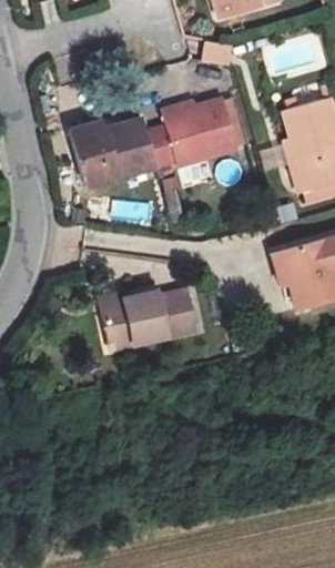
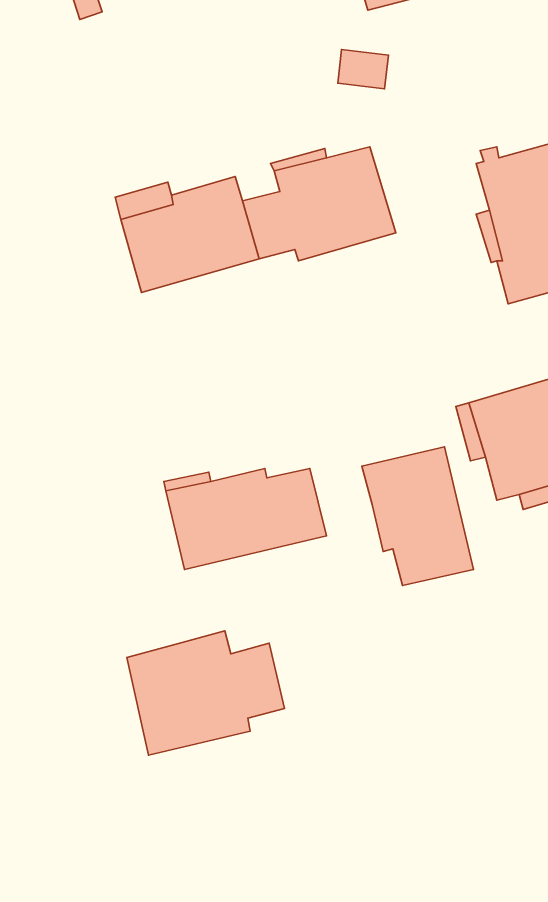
building: none -> [362,447,474,586]
building: none -> [127,631,284,755]

